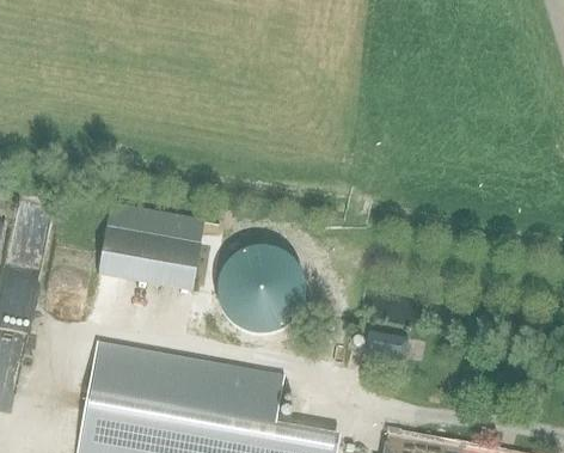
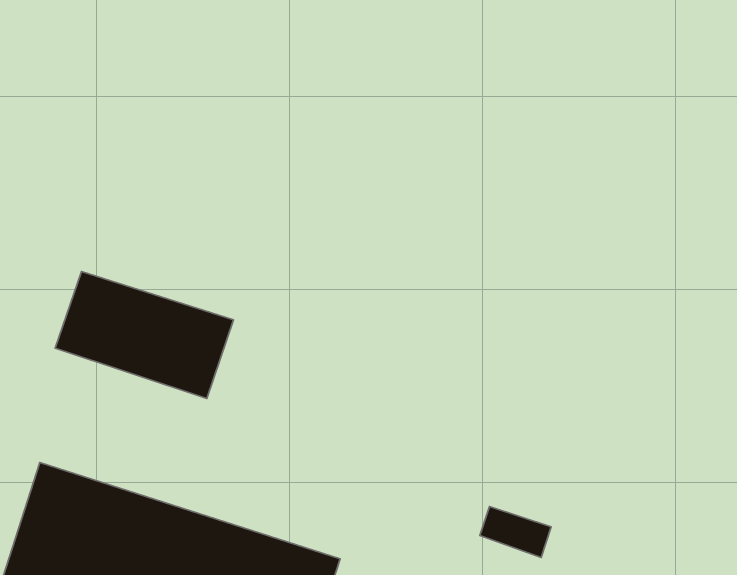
building: [108,203,206,241] -> none
building: [215,245,306,336] -> none

